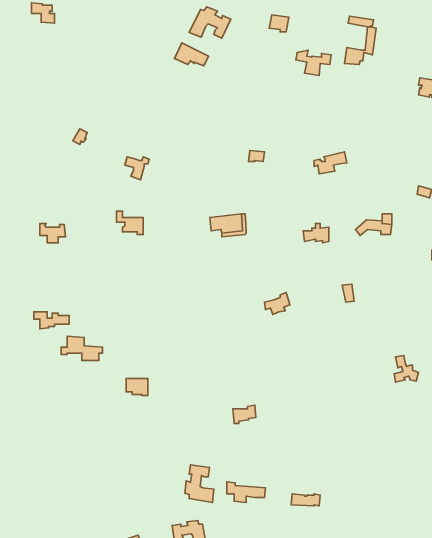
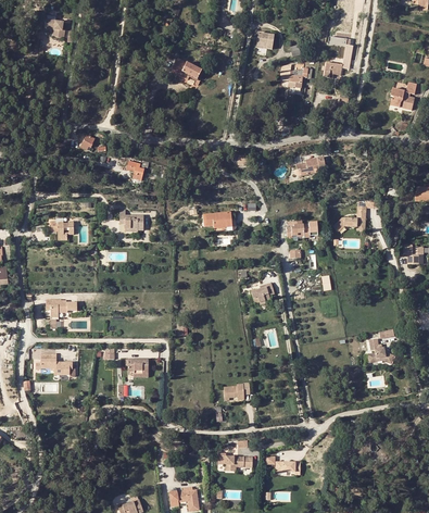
building: [189,7,231,38] -> none
building: [61,336,102,360] -> [35,352,72,374]
building: [185,465,214,503] -> none

